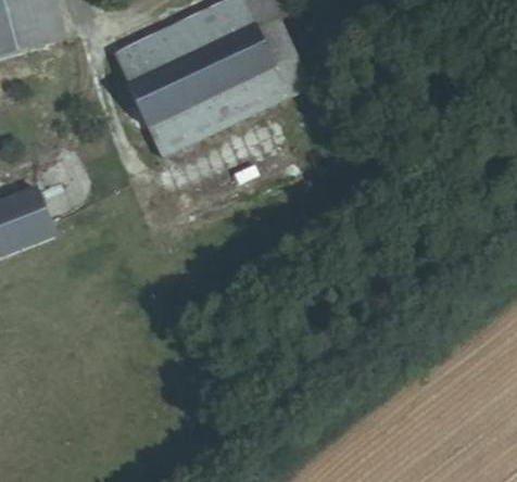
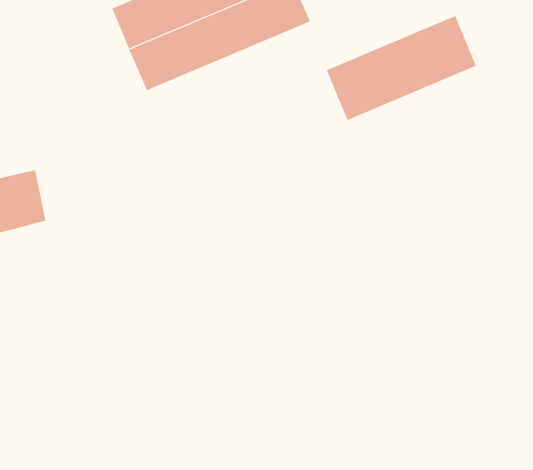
building: none -> [326,15,476,121]
building: [143,63,297,156] -> none

